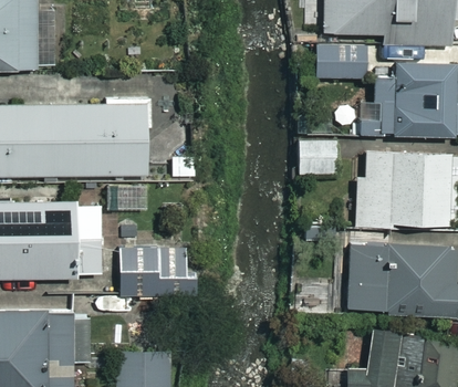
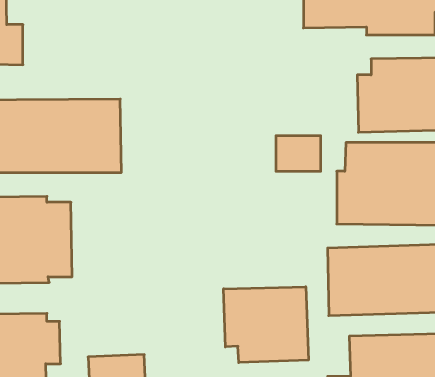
building: [315,44,367,80] -> none
building: [119,243,179,294] -> none
building: none -> [224,287,308,363]

